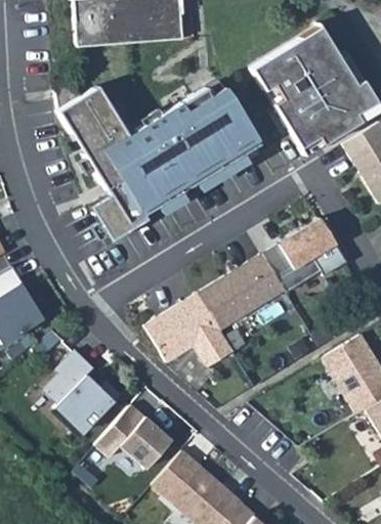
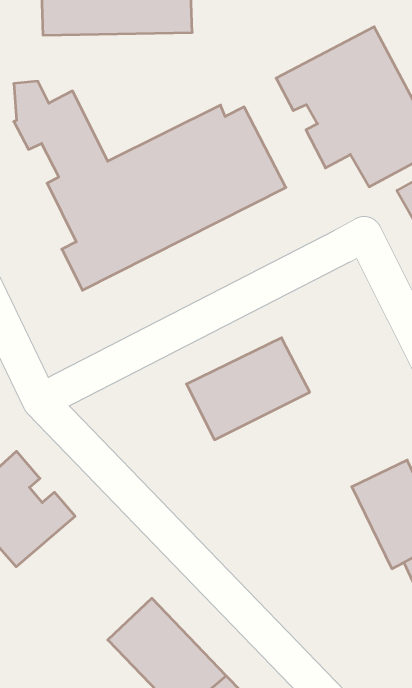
building: [279,217,349,294] -> none
building: [144,292,231,365] -> none
building: [94,404,171,469] -> none

